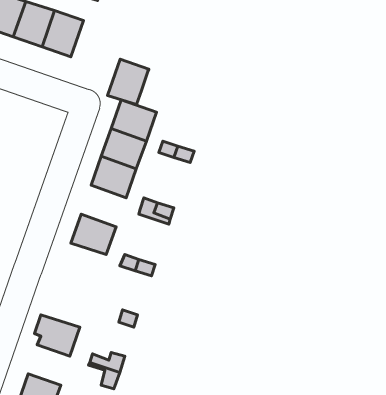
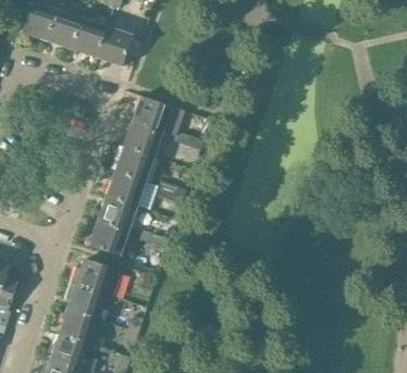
building: [108,59,149,104] -> [98,28,134,67]
building: none -> [107,171,146,207]
building: none -> [89,221,128,256]
building: none -> [72,259,123,298]
building: none -> [61,309,97,344]

